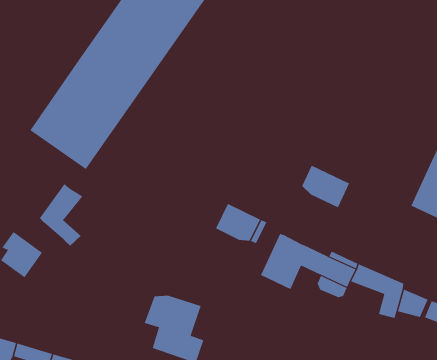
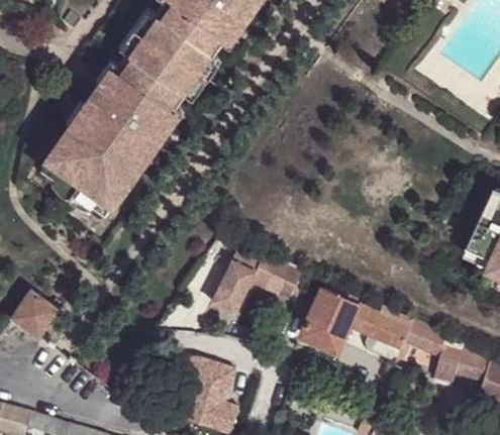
building: [301,165,350,208] -> none
building: [39,183,83,246] -> none
building: none -> [214,244,265,310]

